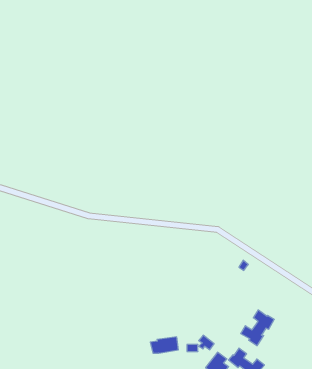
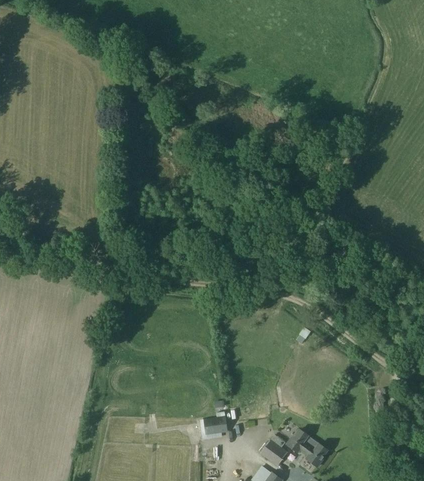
building: [241,310,274,346] -> none

